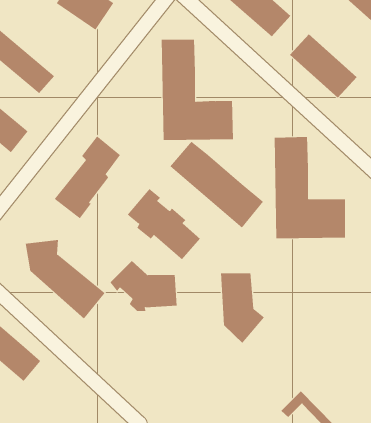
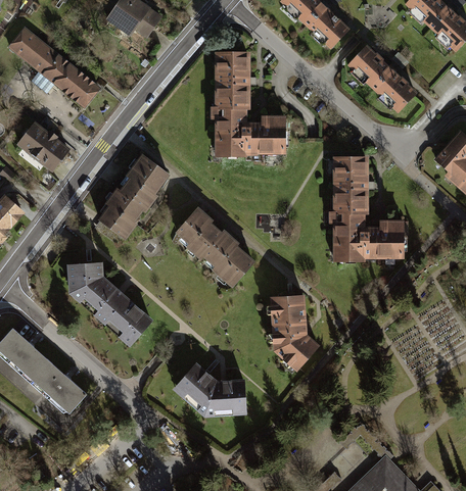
building: [170,141,264,228] -> none
building: [109,260,178,312] -> [175,361,246,415]

